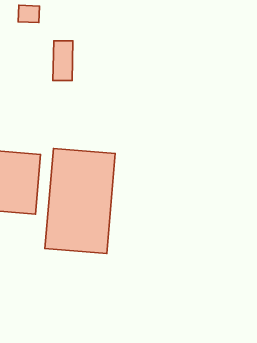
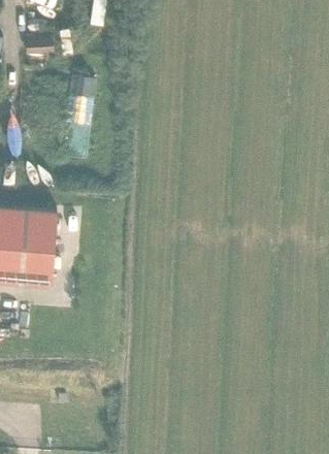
building: [45,148,115,254] -> none

